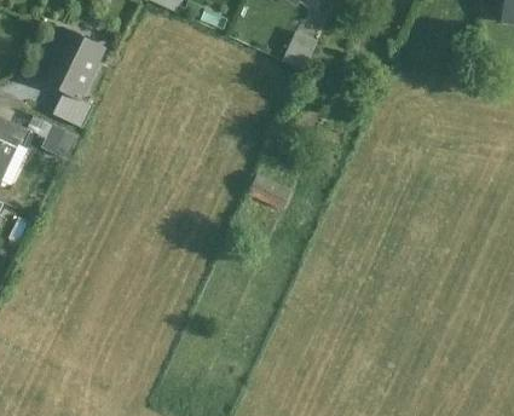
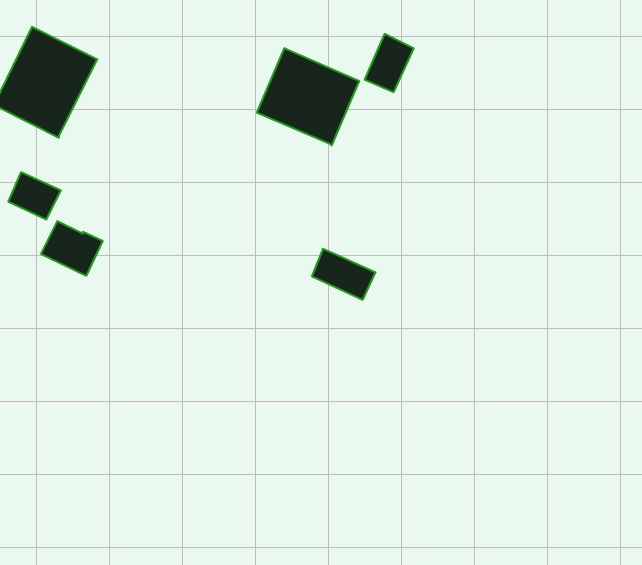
building: none -> [257,48,359,146]
building: [52,92,93,128] -> [41,221,103,276]

